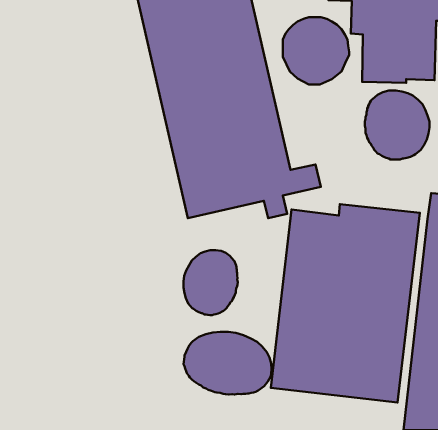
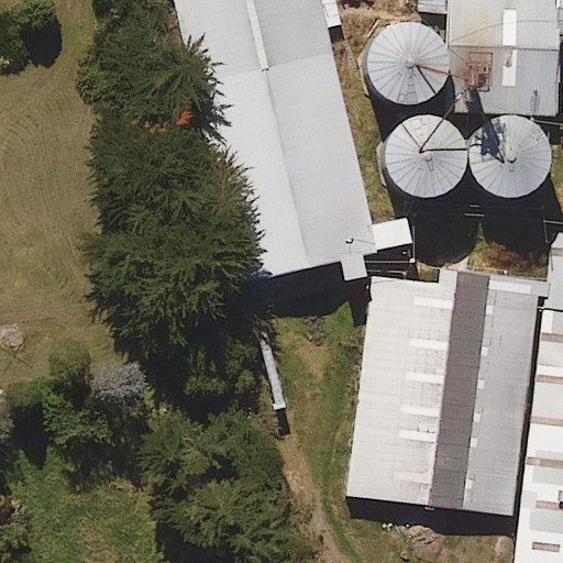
building: none -> [380,114,464,200]
building: [184,250,238,315] -> none
building: [184,332,272,395] -> none

